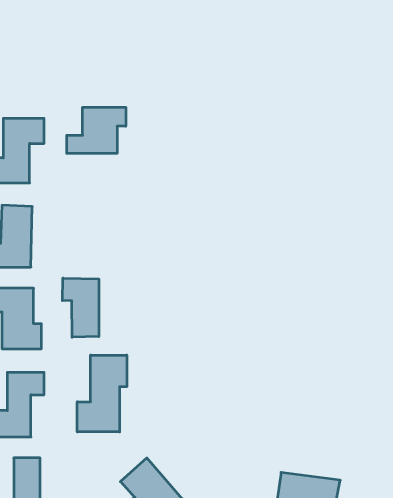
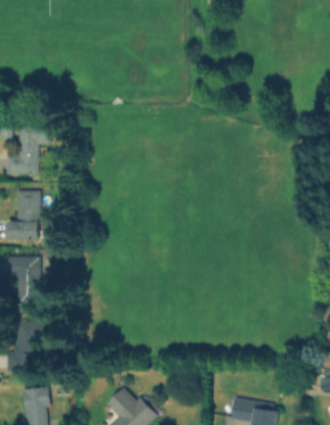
building: [67,107,126,153] -> none
building: [62,278,99,337] -> none
building: [77,355,127,432] -> none

